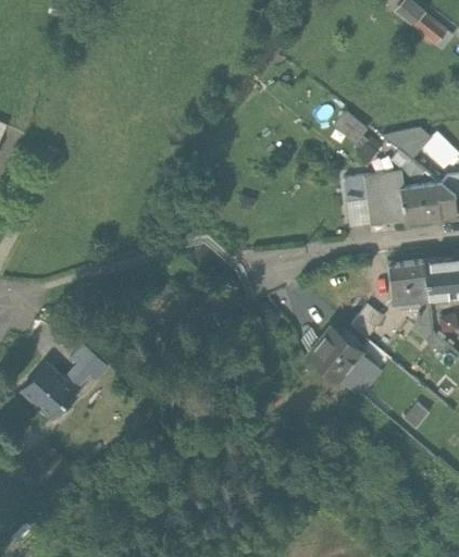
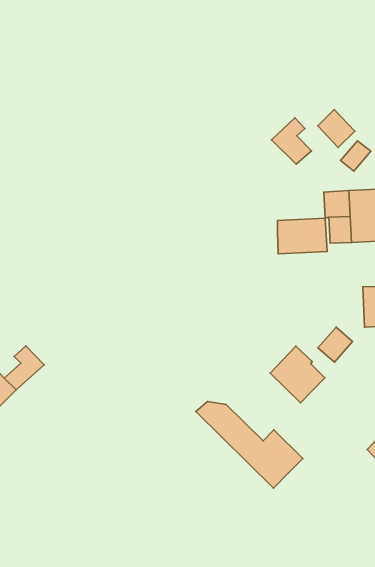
building: none -> [271,118,311,164]
building: none -> [277,218,327,254]
building: [339,354,374,389] -> none
building: none -> [196,401,303,488]

